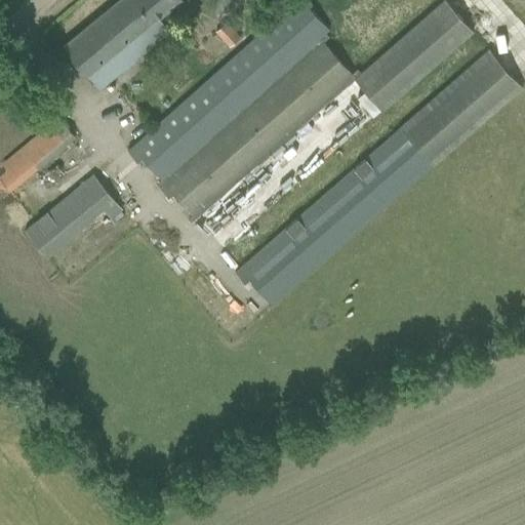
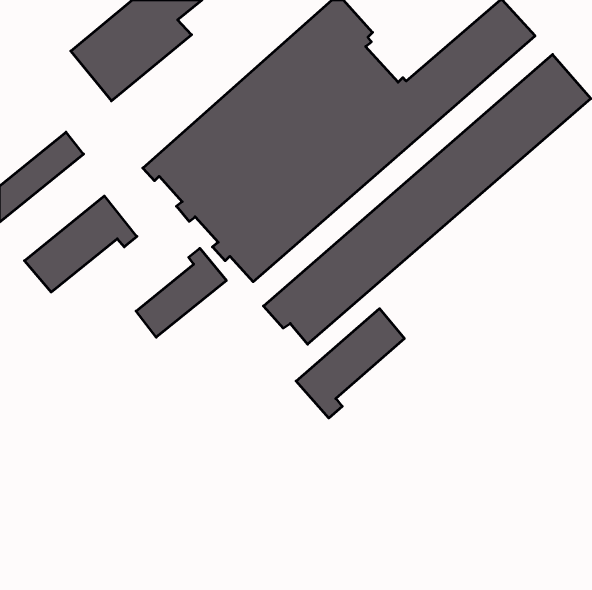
building: none -> [136,248,226,337]
building: none -> [296,309,404,418]

